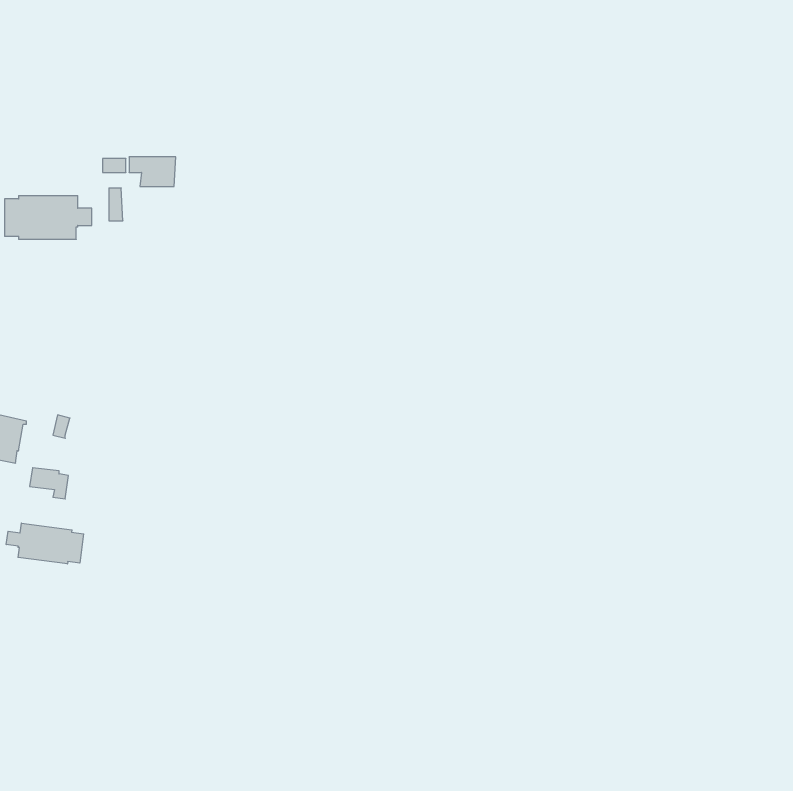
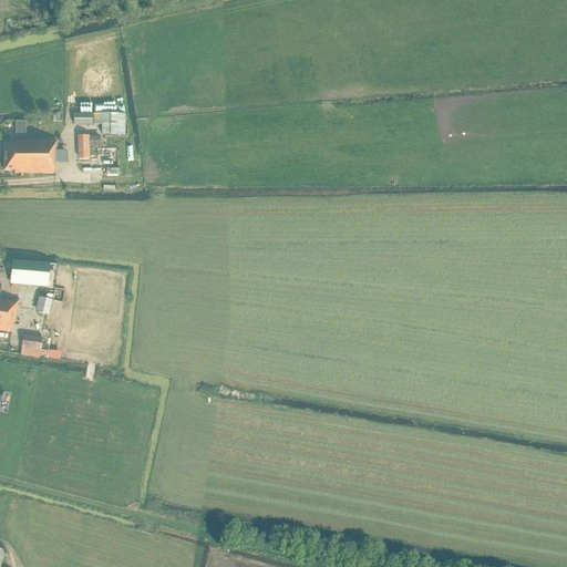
building: none -> [9,258,55,285]
building: [6,523,84,564] -> none

